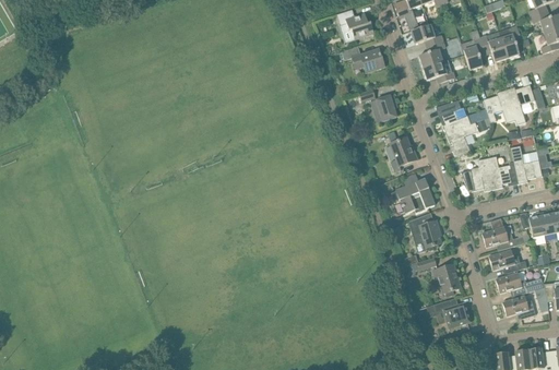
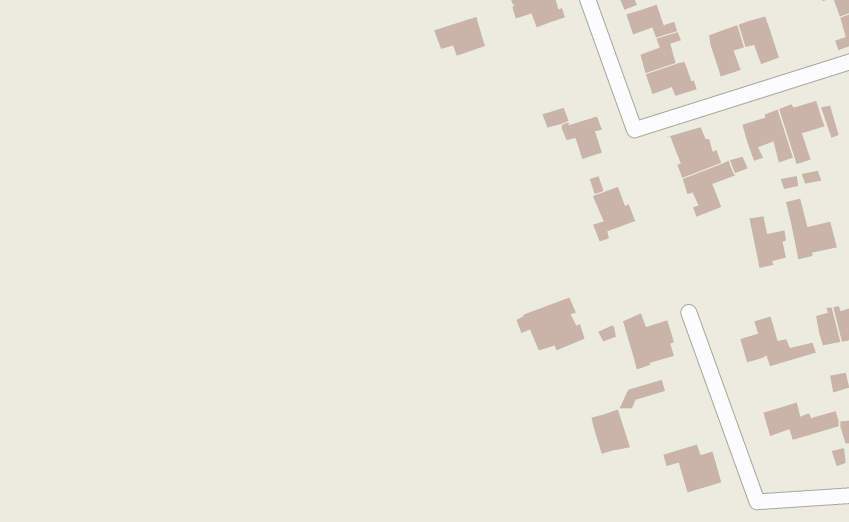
building: [498,25,522,57] -> none
building: [352,47,384,72] -> [433,16,486,57]
building: [461,156,493,191] -> none
building: [391,178,435,212] -> [515,297,586,351]
building: [488,248,525,272] -> none
building: [436,263,461,291] -> [591,409,631,454]
building: [502,294,535,318] -> none

